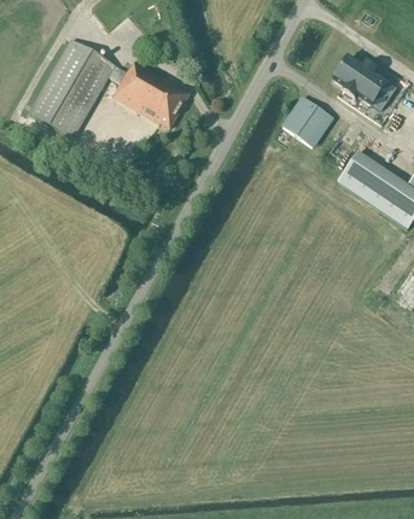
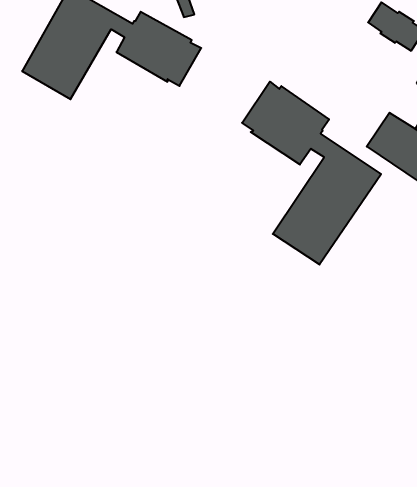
building: [285,97,334,147] -> none
building: none -> [242,82,381,265]

